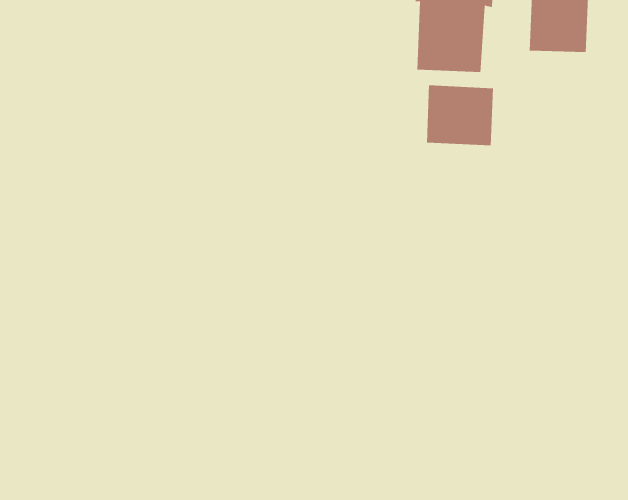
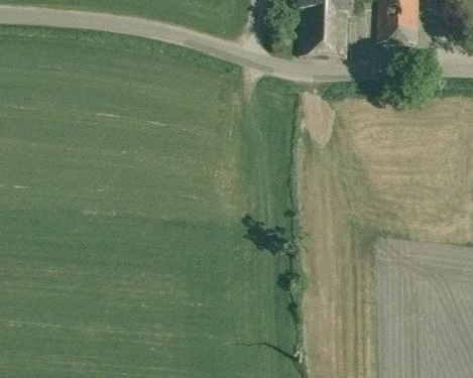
building: [426,85,493,146] -> none

